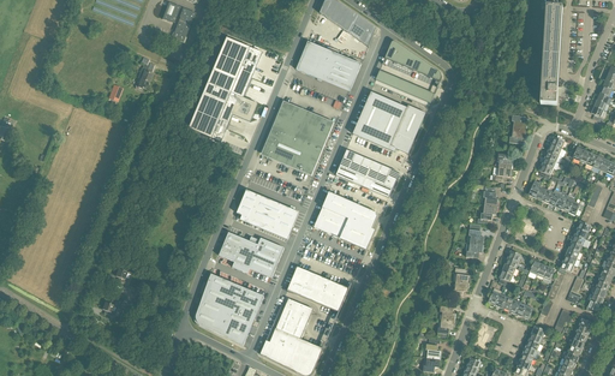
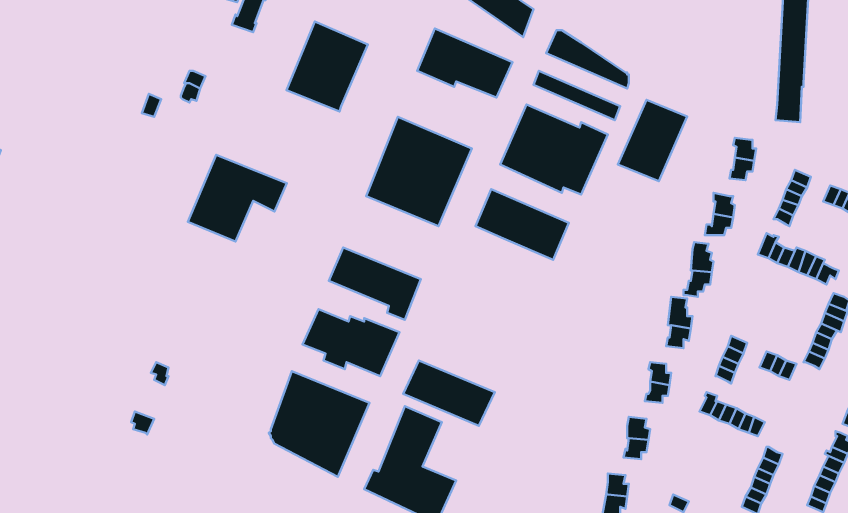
building: [187,82,255,141] -> [188,155,287,241]
building: none -> [618,100,687,181]
building: [314,191,377,249] -> none

